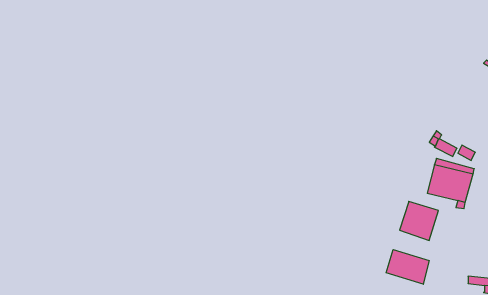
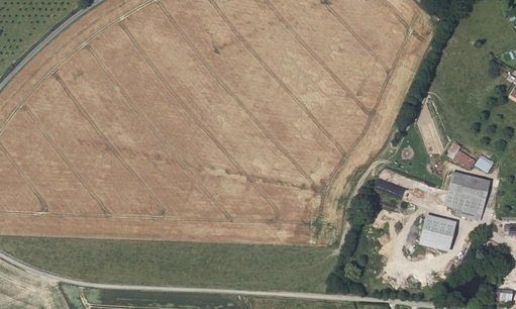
building: [386,250,429,284] -> none

